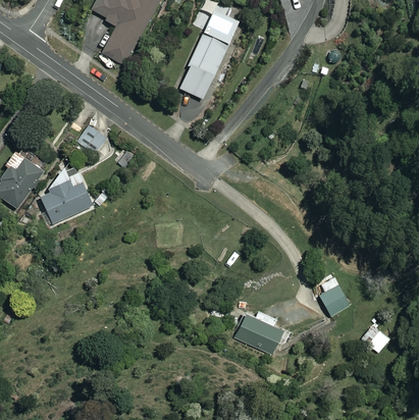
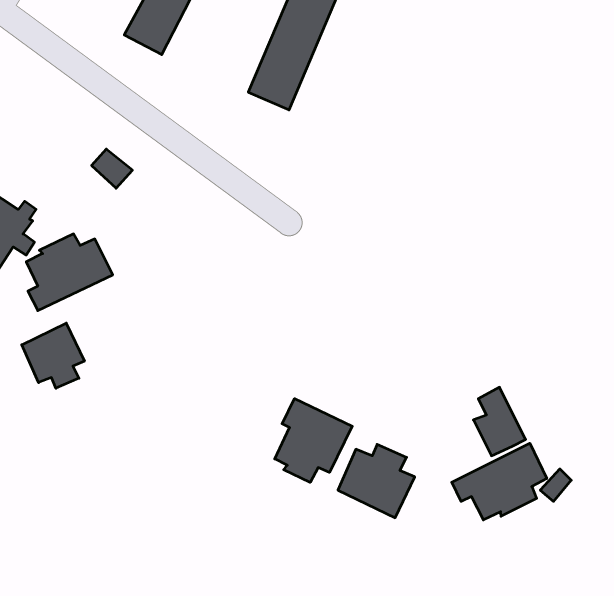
building: none -> [22,323,84,388]
building: none -> [275,399,352,482]
building: none -> [452,443,547,520]

